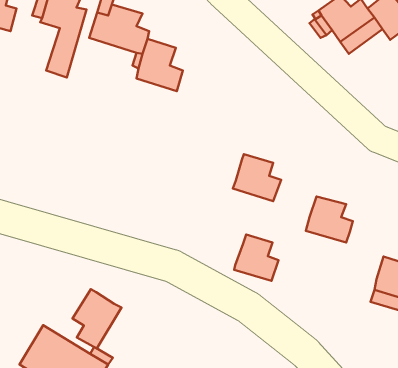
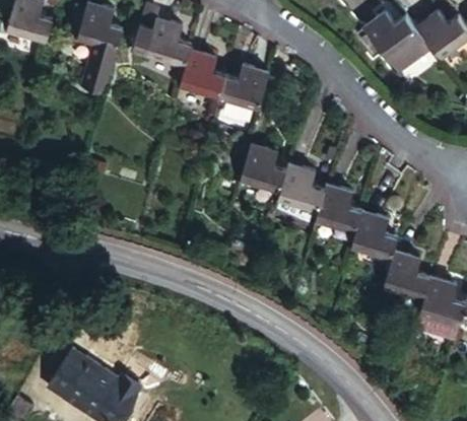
building: none -> [218,68,268,117]
building: none -> [238,145,285,198]
building: none -> [386,251,431,299]
building: [234,235,279,281] -> [317,188,362,235]
building: [73,289,122,348] -> none

